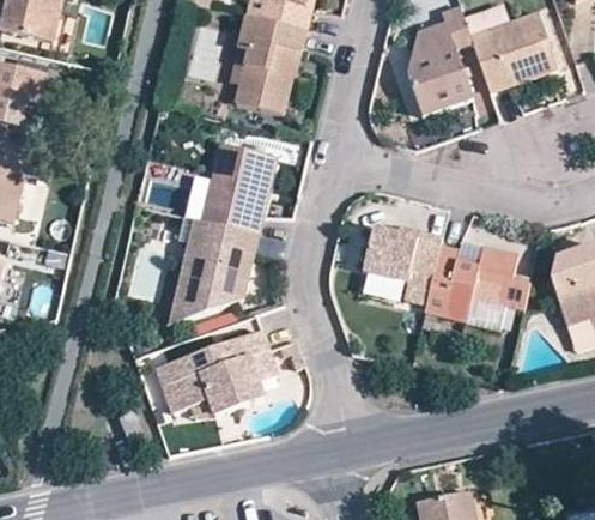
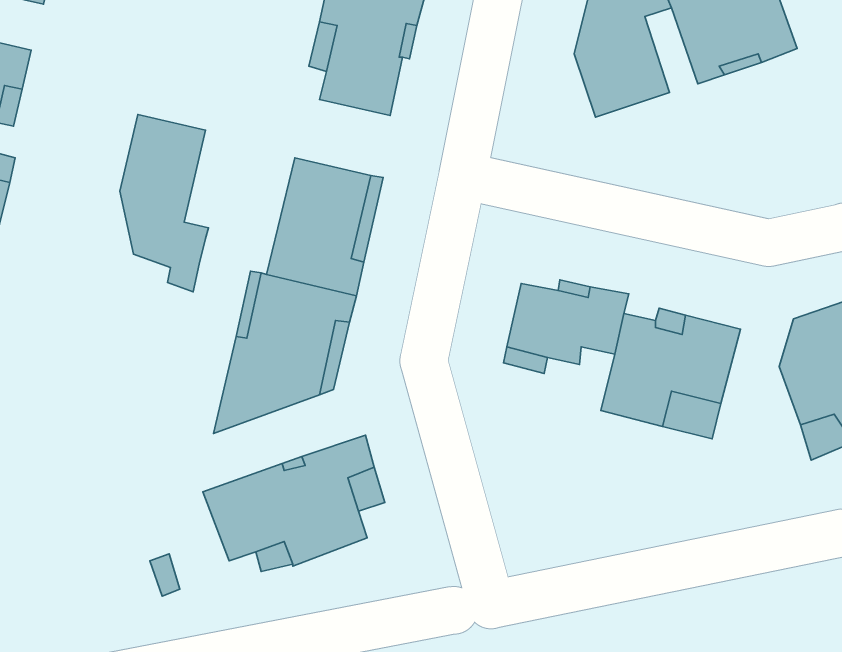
building: none -> [120,114,208,292]

